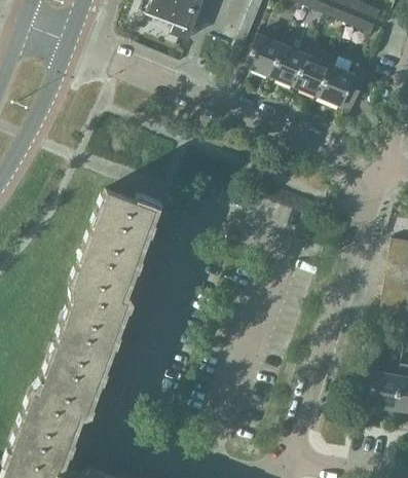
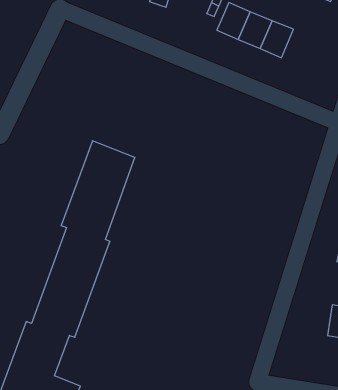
building: [319,65,357,107] -> none

